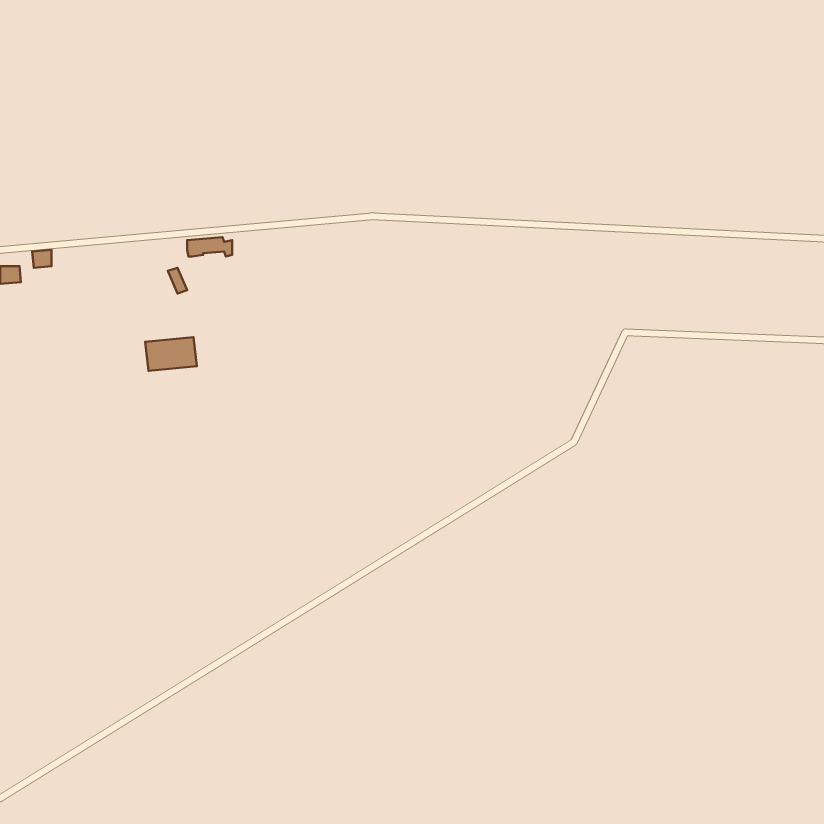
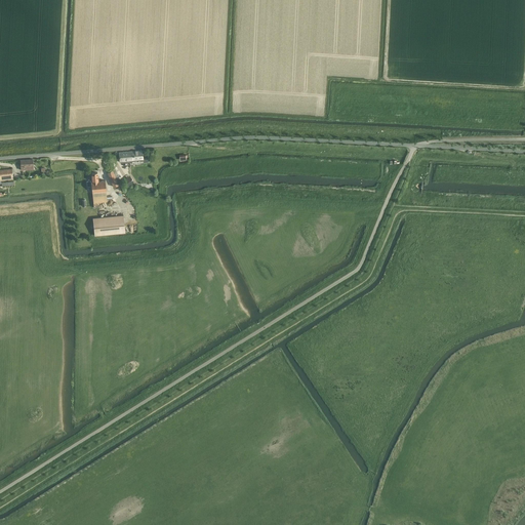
building: none -> [86,172,111,206]

